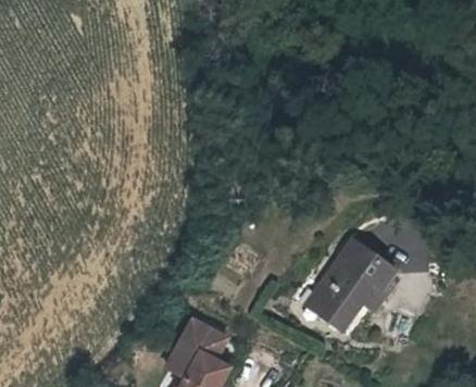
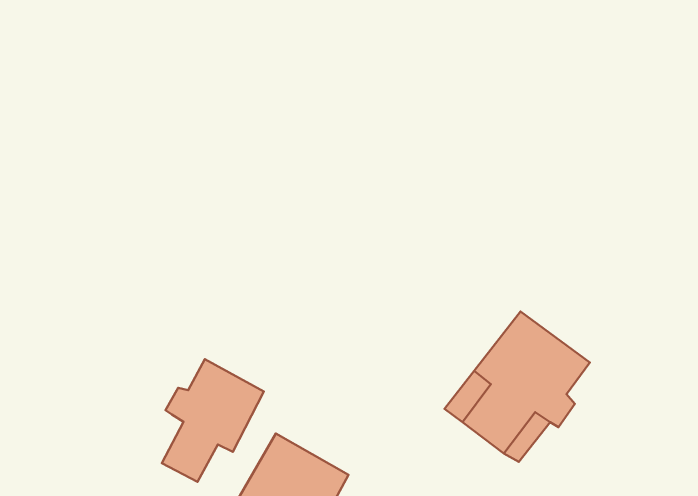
building: none -> [162,359,264,482]

